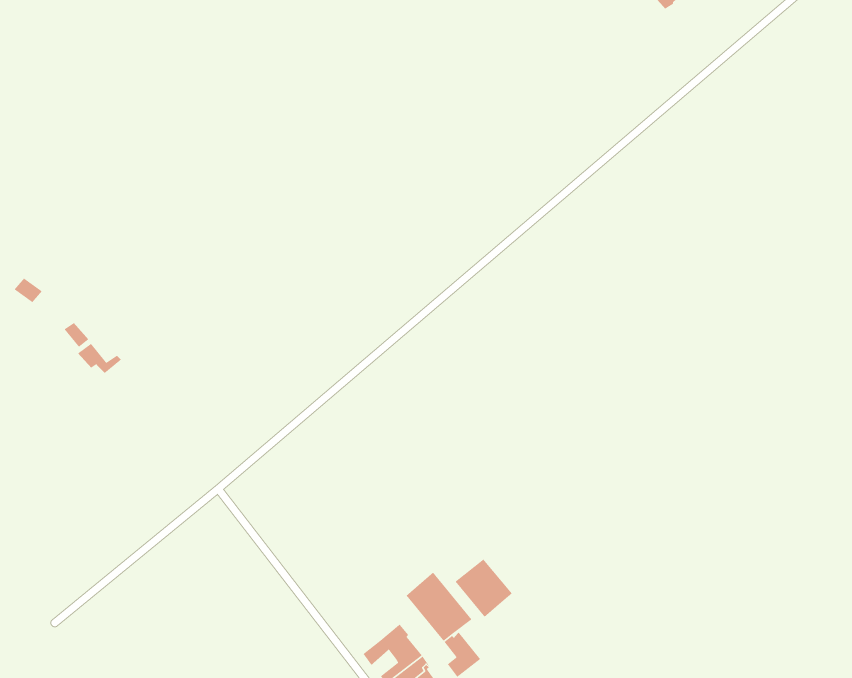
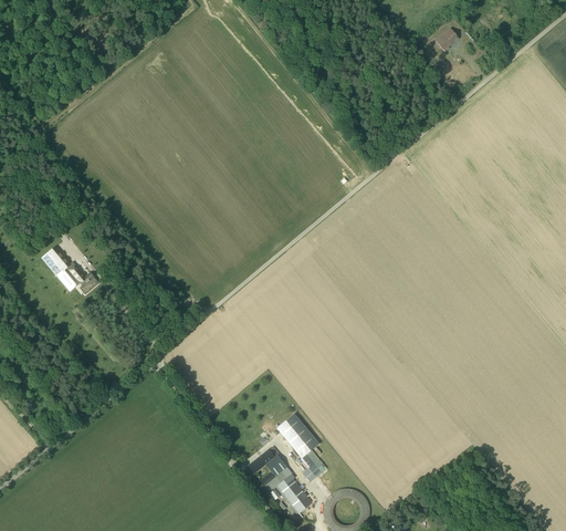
building: [454,559,513,618] -> none

